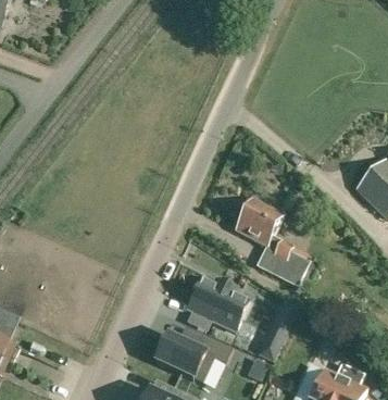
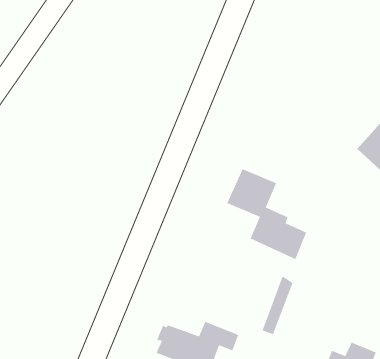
building: [187,276,249,329] -> none

